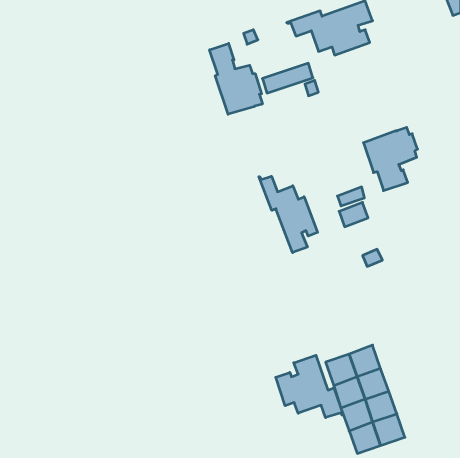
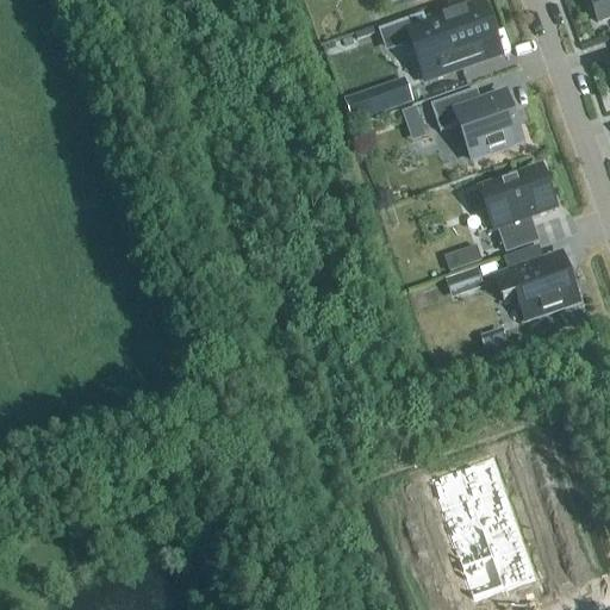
building: [210,43,262,114] -> none
building: none -> [432,88,523,158]
building: [259,176,318,253] -> none
building: none -> [496,255,580,320]
building: [276,355,343,418] -> none

